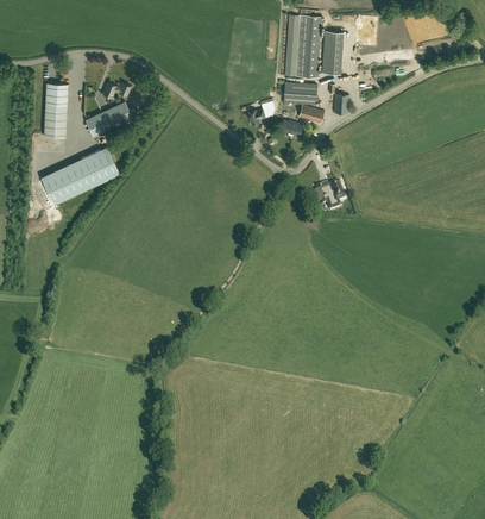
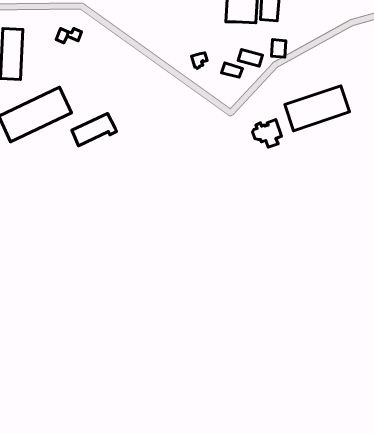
building: [284,83,317,105] -> none
building: [87,102,134,137] -> [72,114,116,146]
building: none -> [285,86,350,131]

